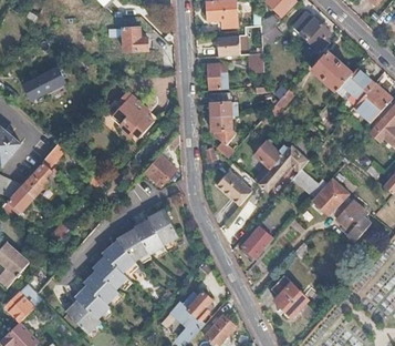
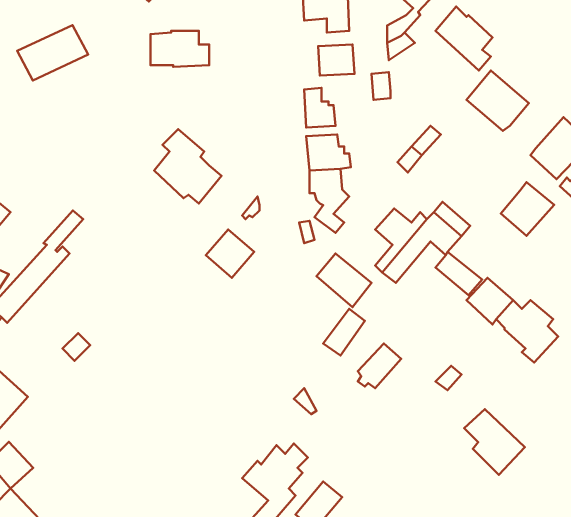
building: [25,62,71,98] -> [17,25,88,80]
building: [340,68,374,102] -> [501,182,554,236]
building: [67,206,178,332] -> none
building: [269,274,308,316] -> [464,409,525,475]

